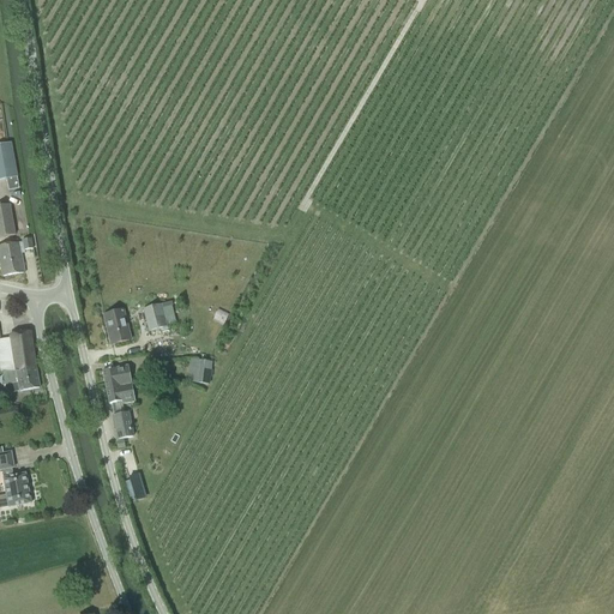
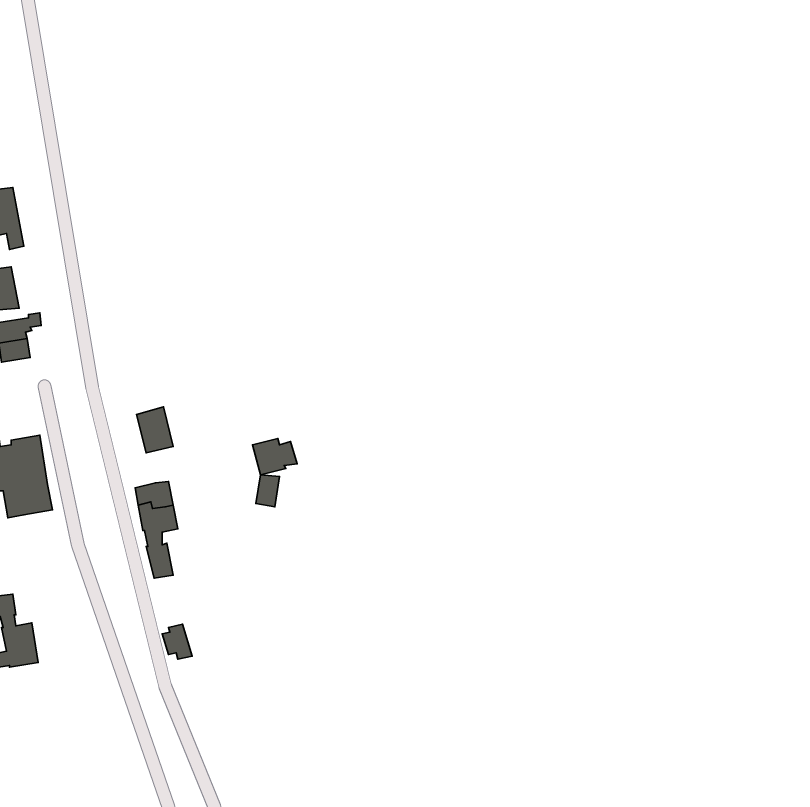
building: [142,301,175,329] -> [253,438,297,475]

